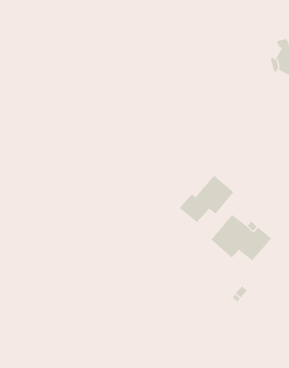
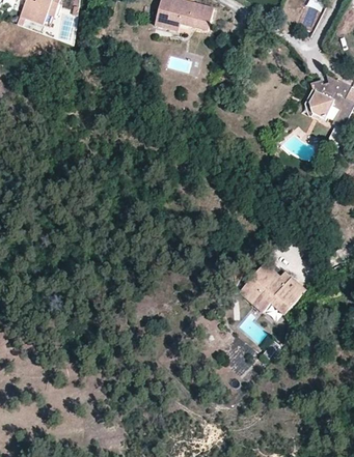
building: [179,175,234,223] -> none

